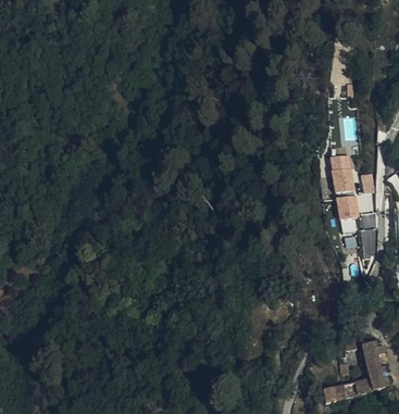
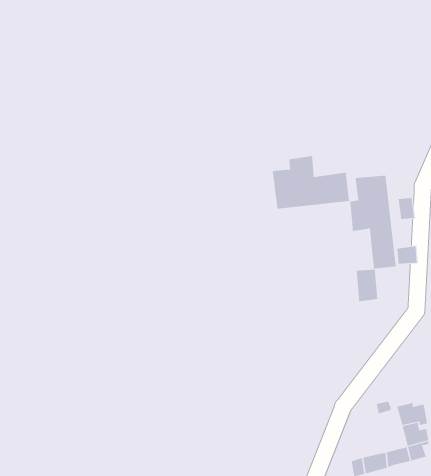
building: none -> [272,155,350,210]
building: [361,227,379,254] -> [356,269,378,302]

